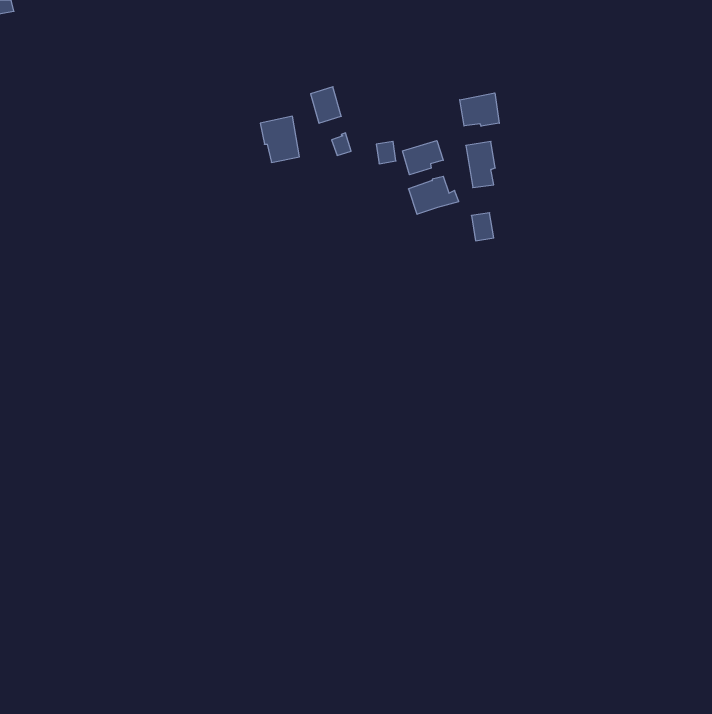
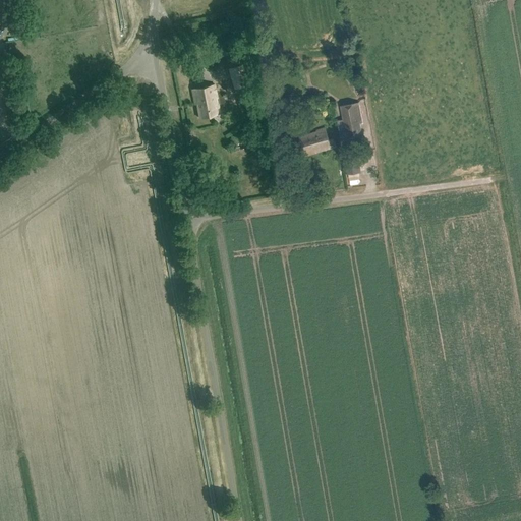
building: [460,93,499,126] -> none
building: [403,141,443,175] -> none

